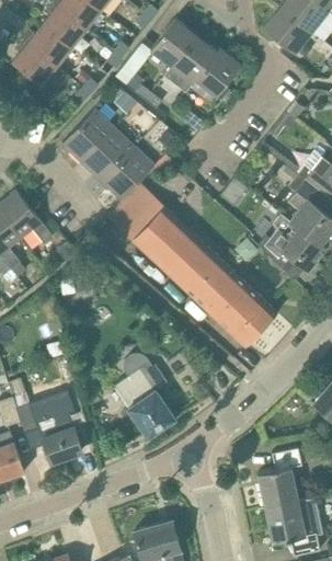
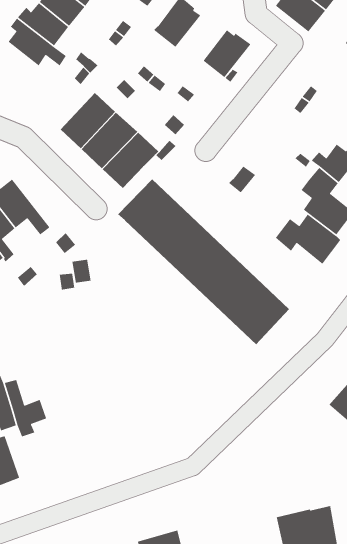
building: [170,36,220,84] -> none
building: [113,353,174,438] -> none
building: [42,402,82,462] -> none
building: [257,448,301,508] -> none

